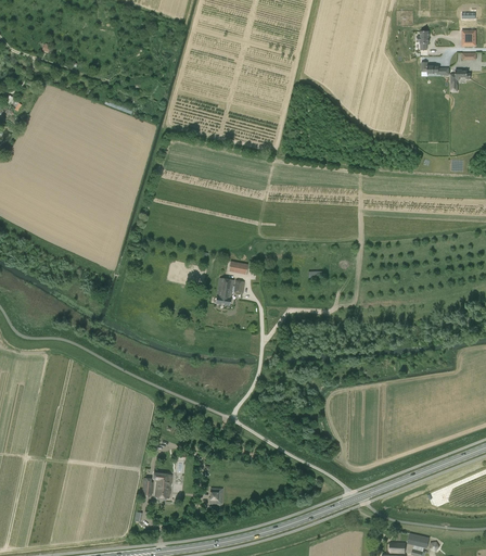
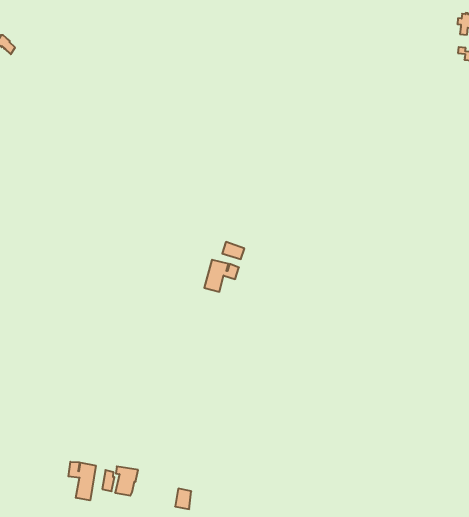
building: none -> [68,462,96,500]

